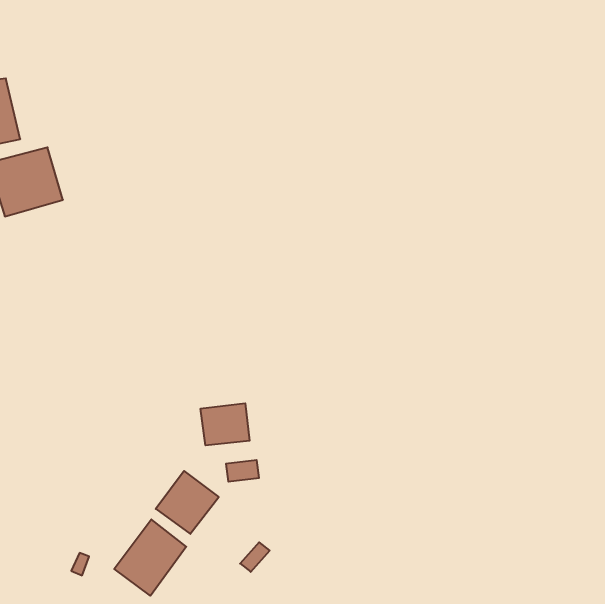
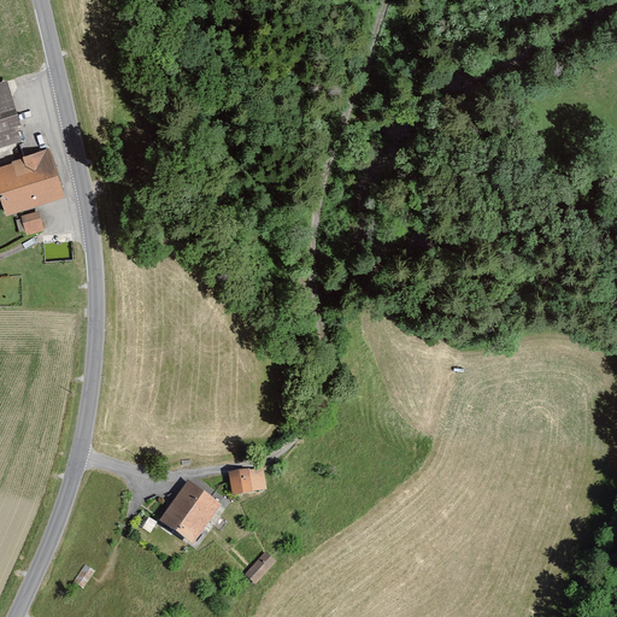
building: [201,403,250,445] -> none
building: [114,519,186,596] -> none

